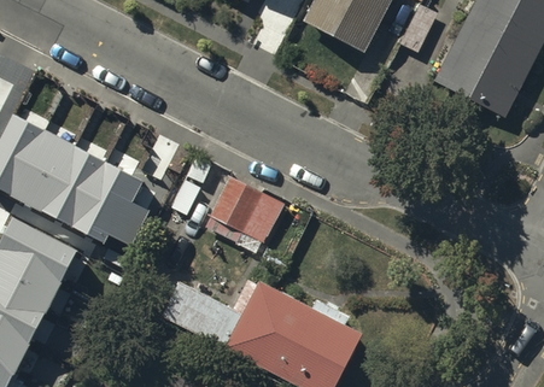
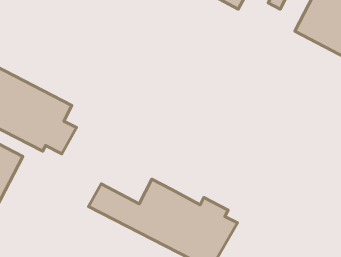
building: [206,178,285,254] -> none

